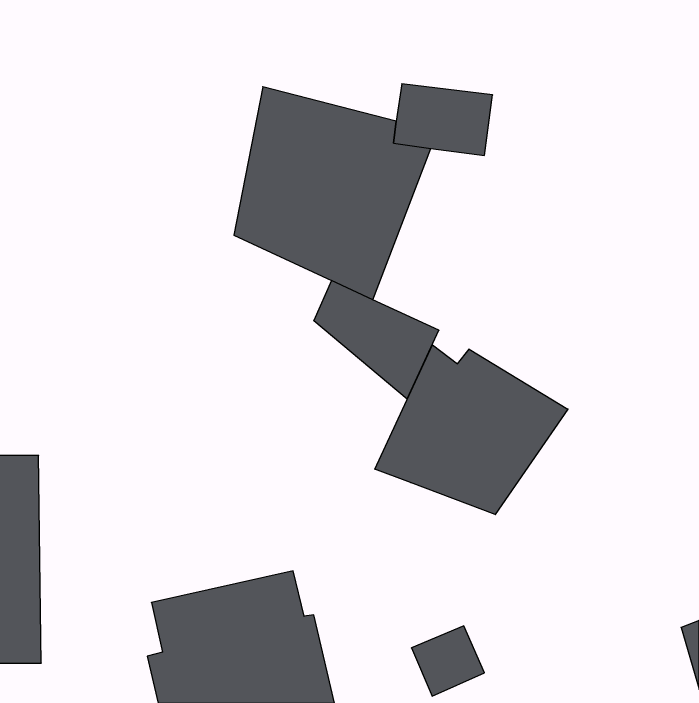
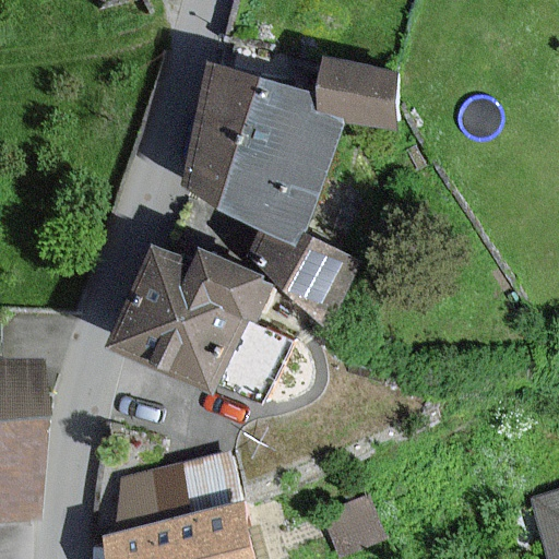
building: none -> [110,246,269,383]
building: [375,345,568,515] -> none

